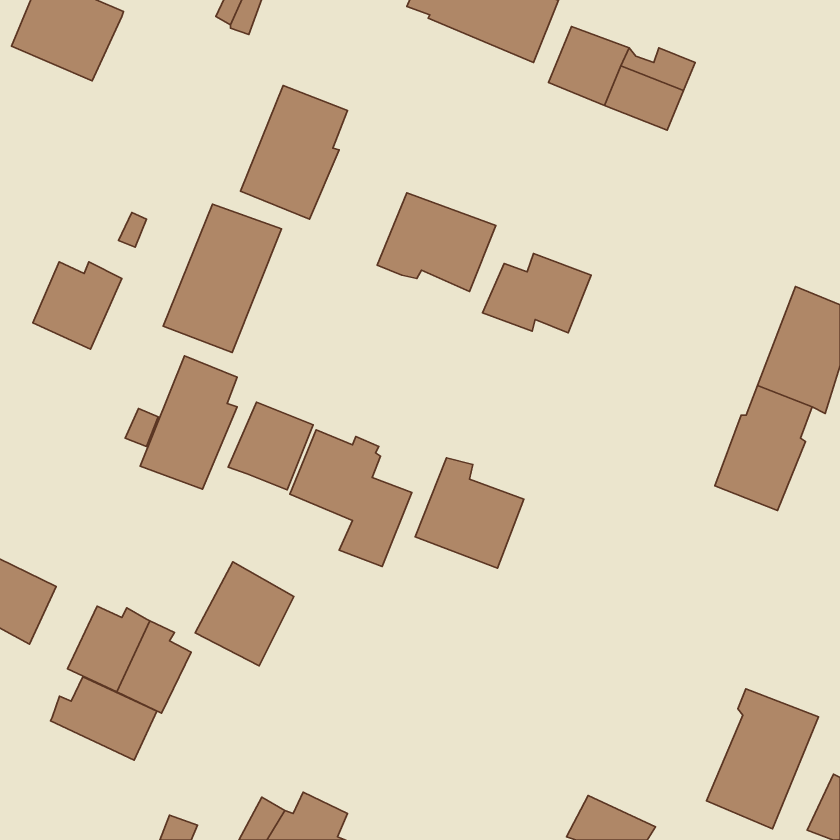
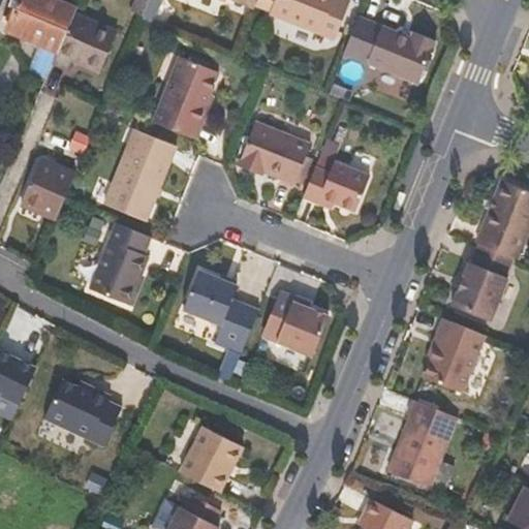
building: none -> [54,10,118,71]
building: [228,402,313,490] -> none
building: none -> [419,317,481,393]
building: [195,562,294,666] -> [179,426,241,491]
building: [51,677,157,760] -> none
building: [706,689,818,829] -> [386,400,457,488]

